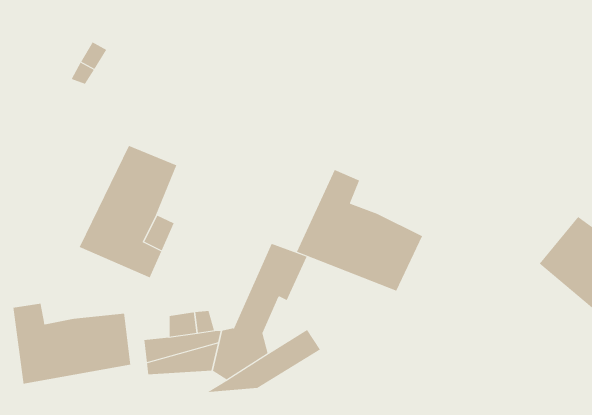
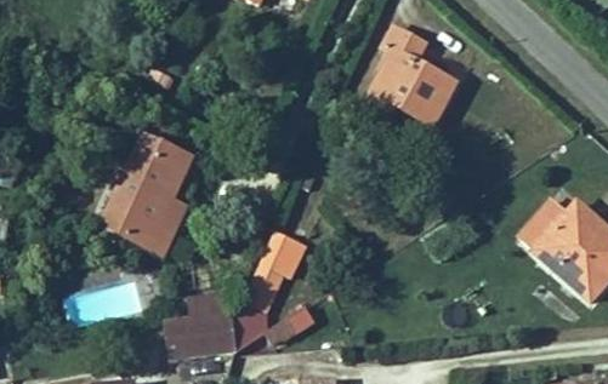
building: none -> [381,24,460,121]
building: [296,169,423,292] -> none
building: [13,303,131,384] -> none

